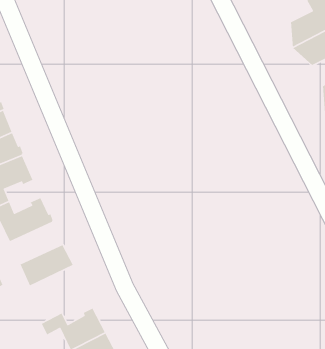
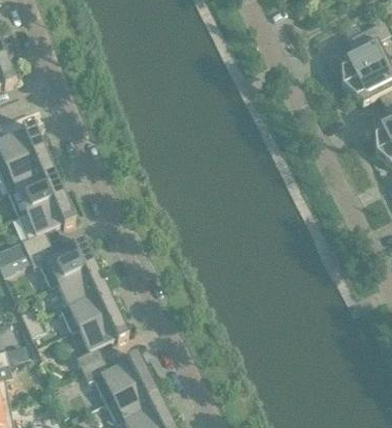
building: none -> [49,264,103,308]
building: none -> [69,309,127,369]

